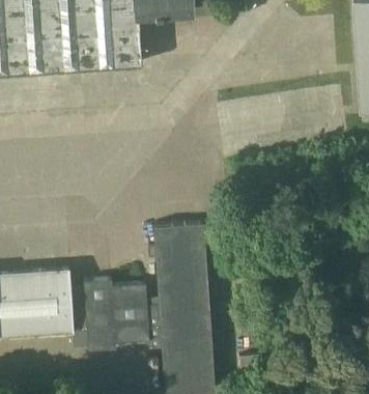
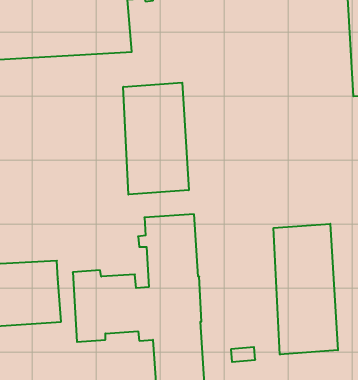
building: none -> [123,83,189,195]
building: none -> [274,224,338,355]

